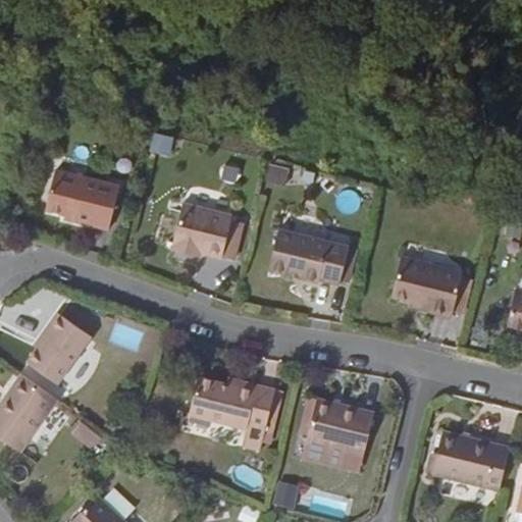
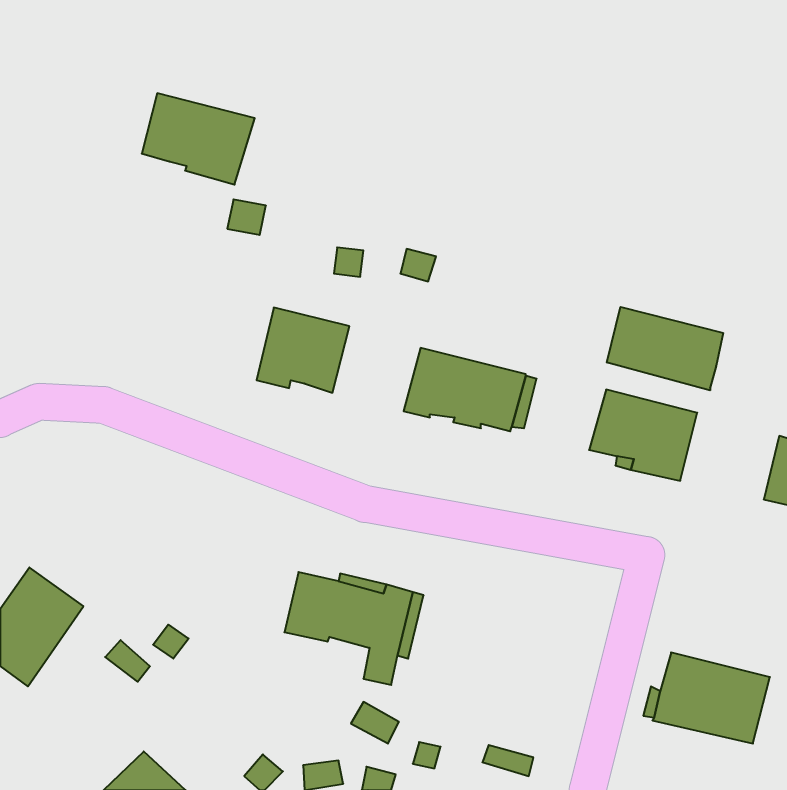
building: [46,170,120,230] -> [142,93,255,185]
building: none -> [607,307,723,390]
building: [27,316,91,384] -> none
building: [306,400,373,455] -> none

